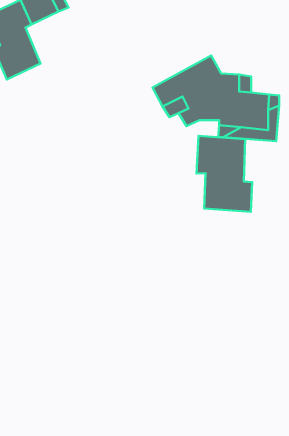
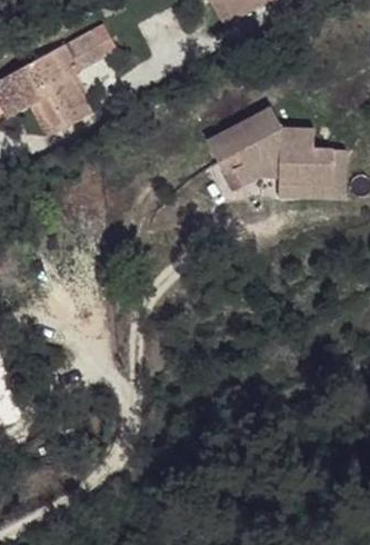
building: [197,136,252,212] -> none

